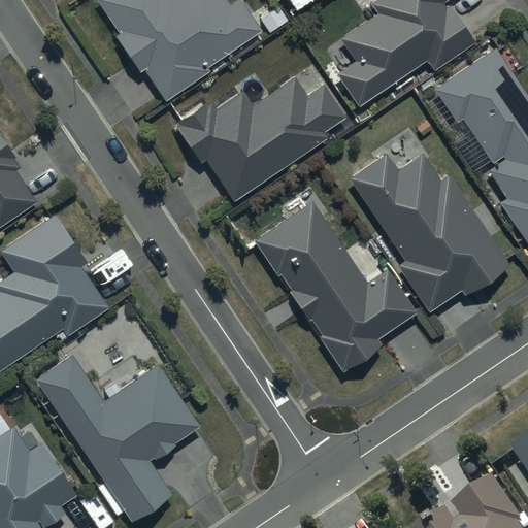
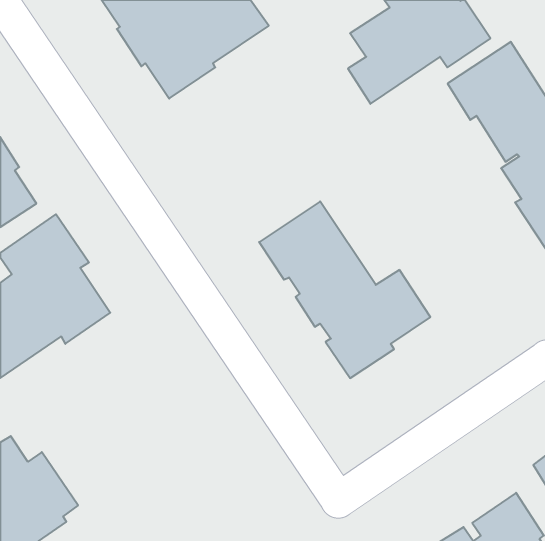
building: [174,76,344,200] -> none
building: [350,154,506,310] -> none
building: [35,354,201,520] -> none

